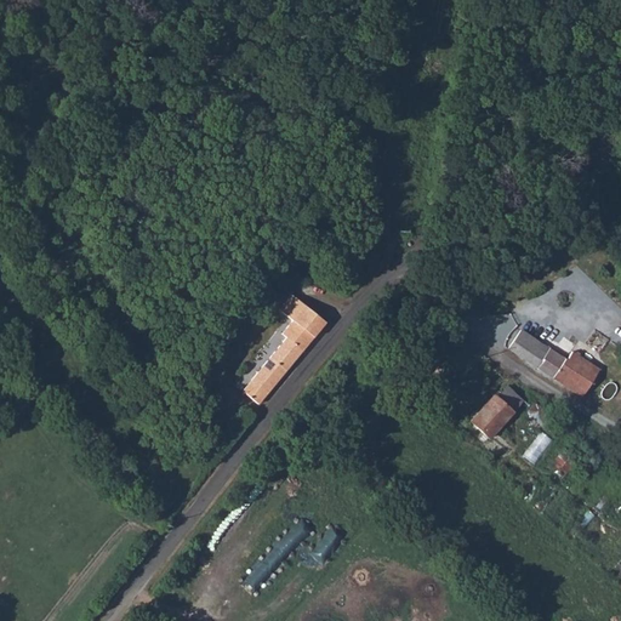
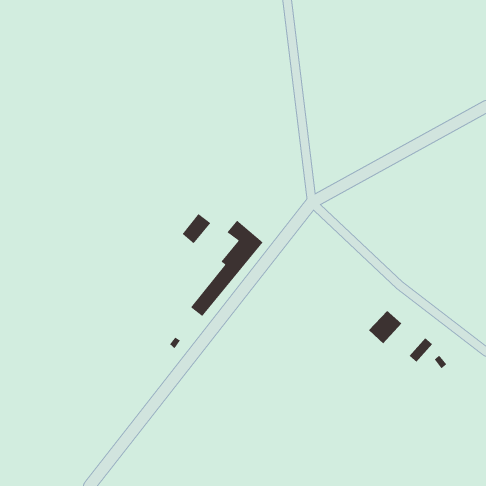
building: none -> [182,213,211,244]
building: [508,330,599,397] -> none

